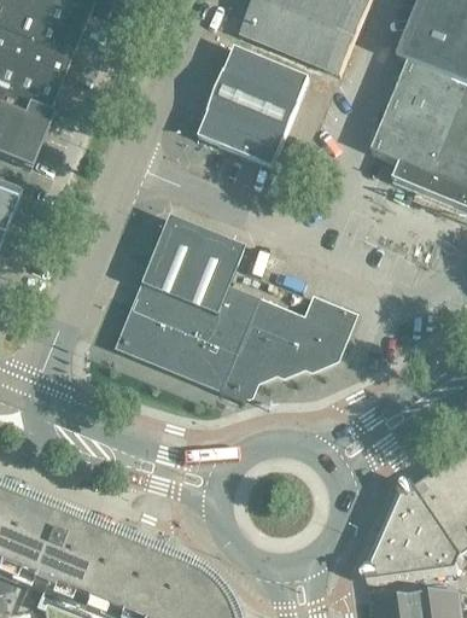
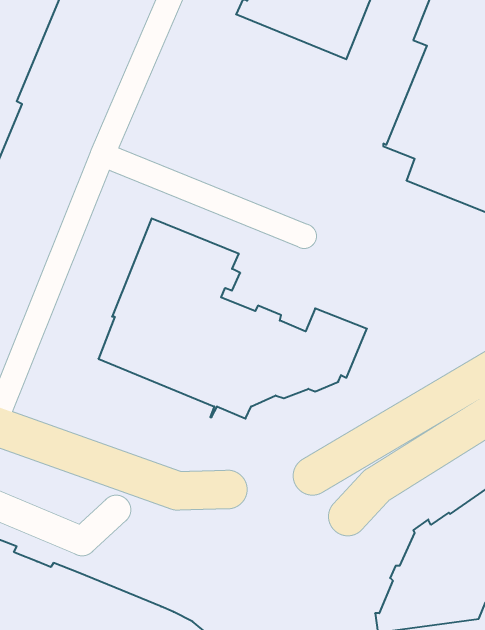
building: [205,49,308,168] -> none

